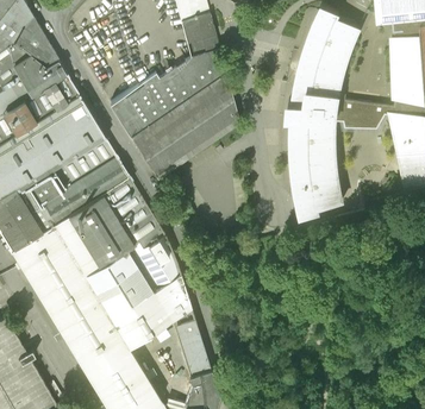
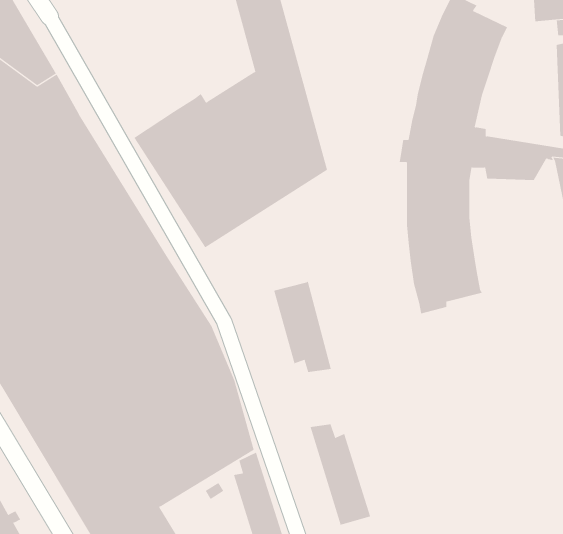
building: none -> [274,281,332,373]
building: none -> [310,424,371,526]

